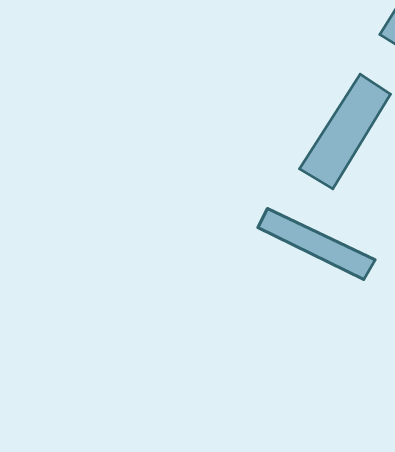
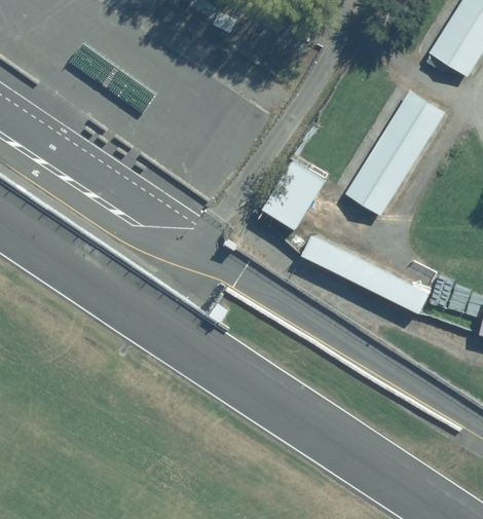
building: none -> [260,160,325,229]

